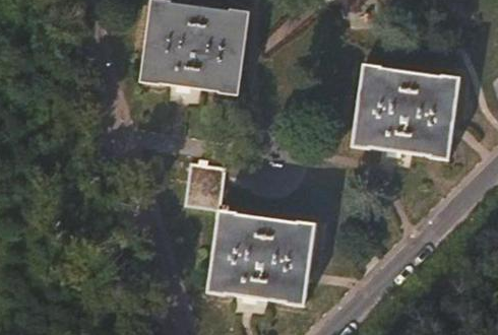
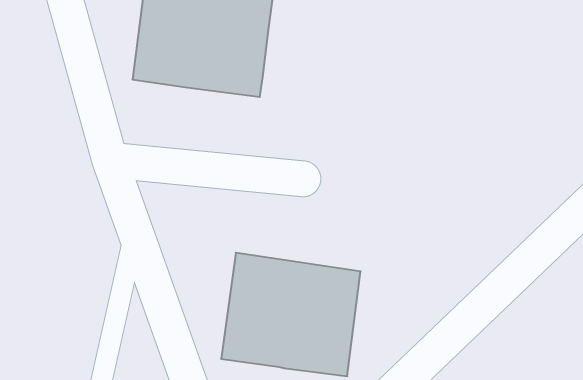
building: [354,64,460,156] -> none
building: [184,159,225,210] -> none

